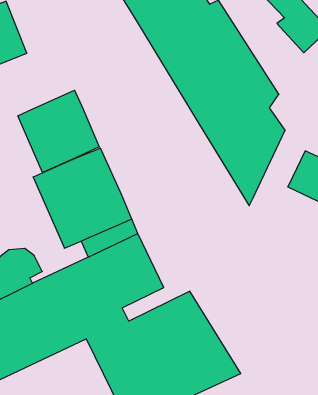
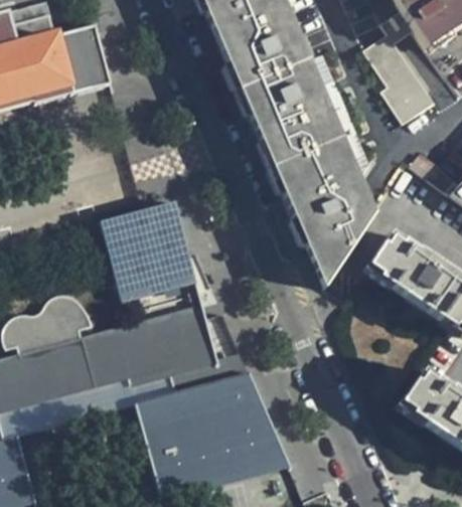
building: [18,90,99,172] -> none

